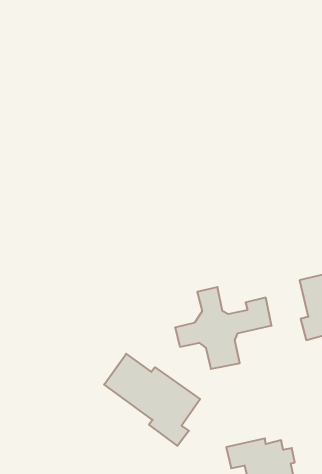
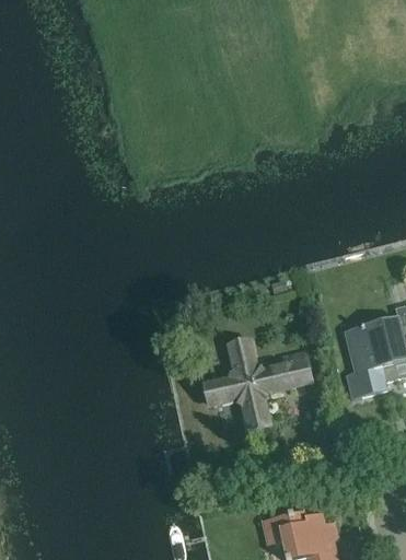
building: [104,354,200,446] -> none

